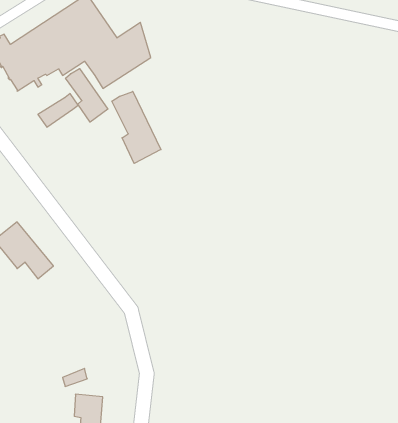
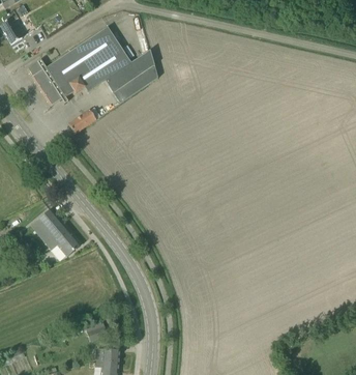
building: [66,69,108,122] -> none
building: [112,91,161,163] -> none

